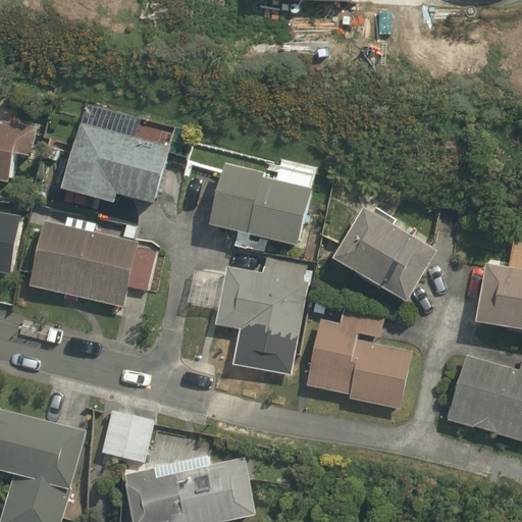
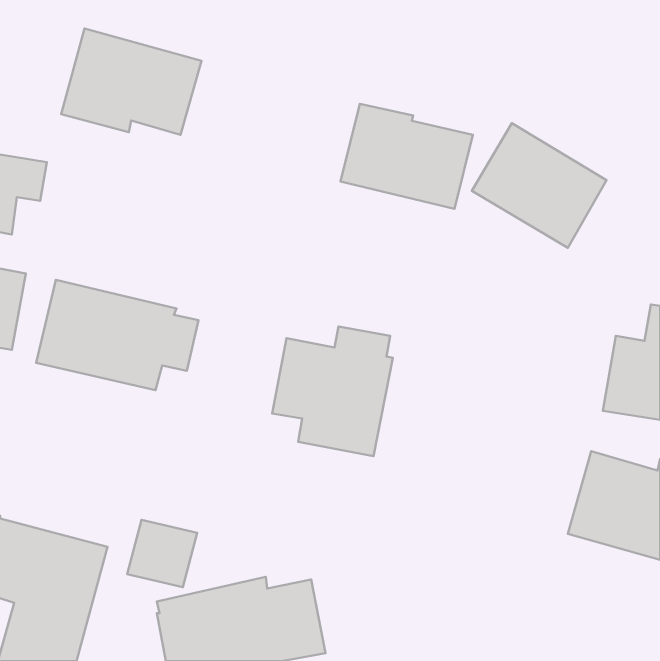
building: [60,122,170,206] -> [61,29,201,135]
building: [207,164,311,247] -> [340,104,473,209]
building: [330,207,436,305] -> [472,123,607,248]
building: [306,309,412,410] -> none

